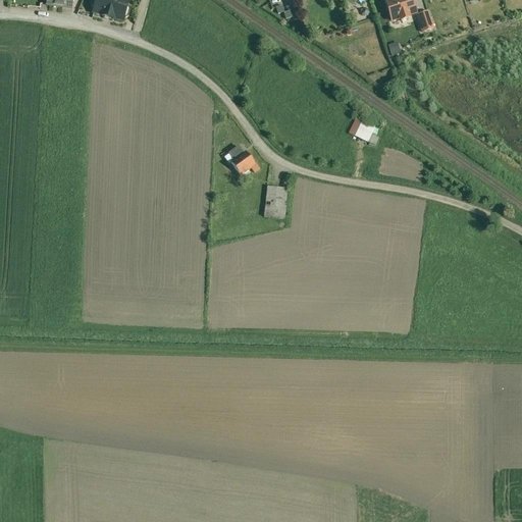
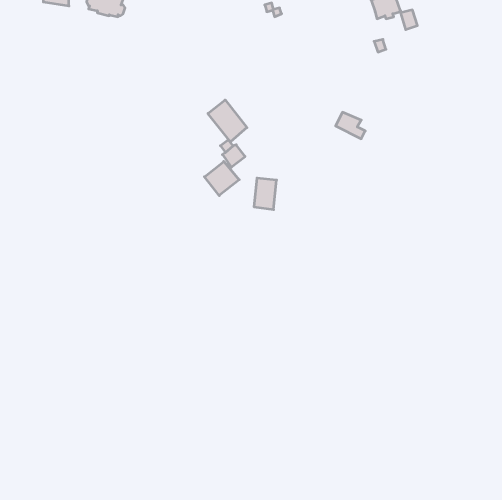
building: none -> [208,100,247,142]
building: none -> [204,161,239,196]

